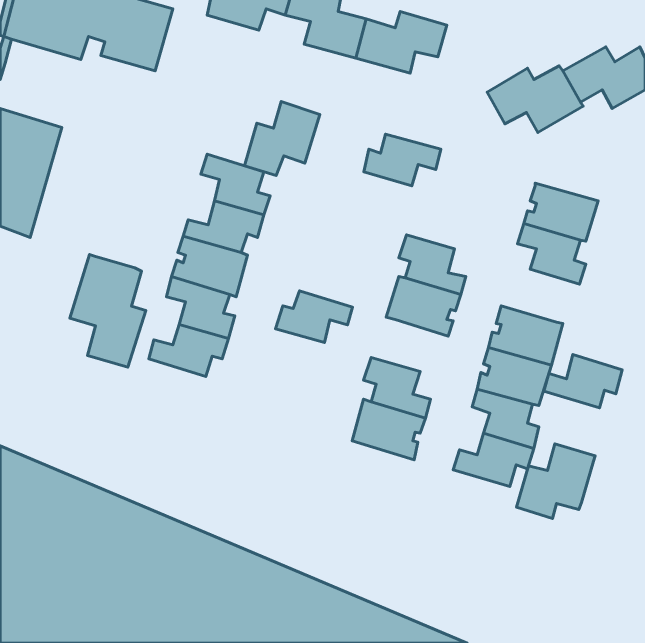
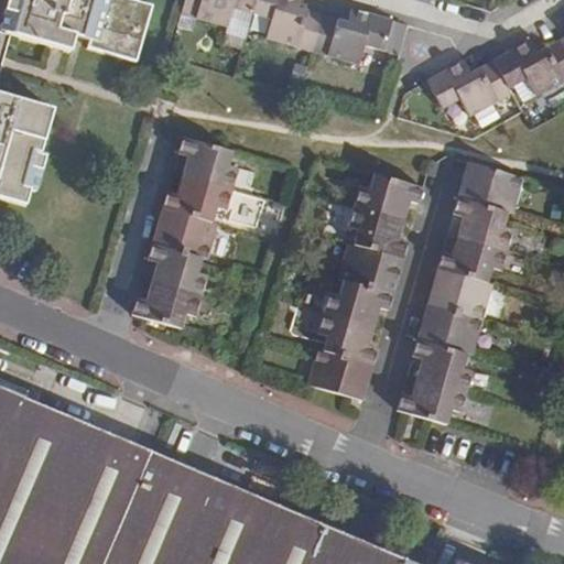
building: [245,101,320,176] -> none
building: [364,134,441,186] -> [355,172,422,217]
building: [70,254,146,367] -> none
building: [275,291,352,343] -> [324,279,391,324]
building: [544,355,622,408] -> [437,235,506,281]
building: [517,444,595,518] -> none

